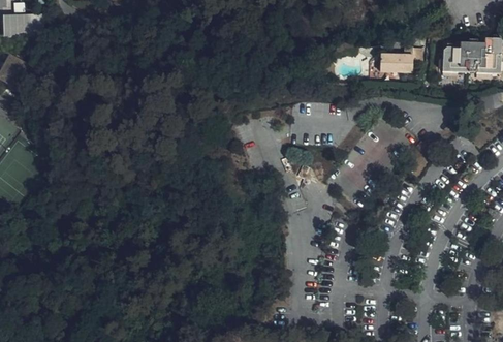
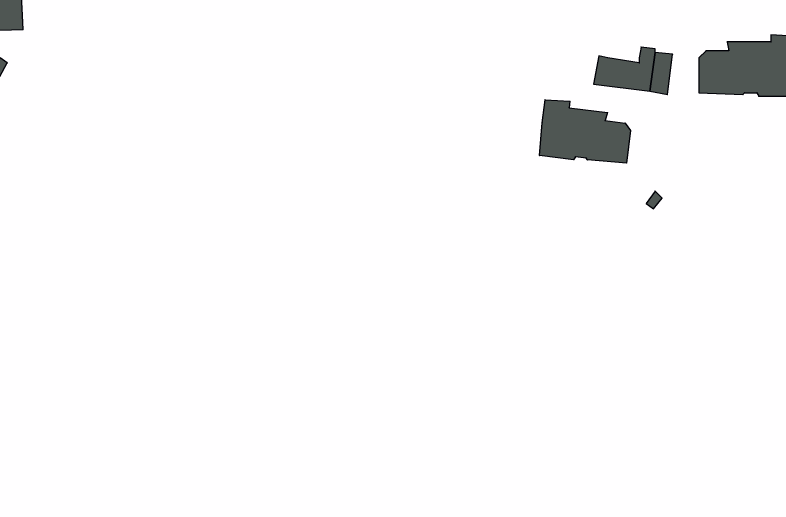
building: none -> [540,100,630,163]

